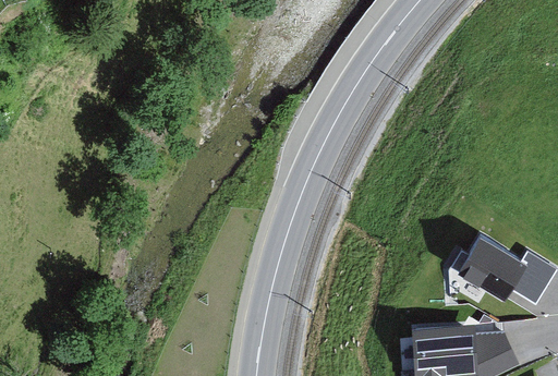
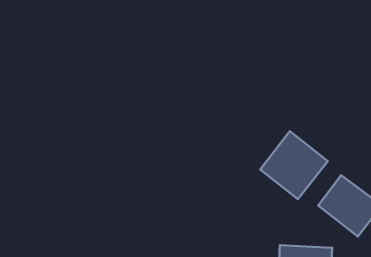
building: none -> [260,131,328,199]

